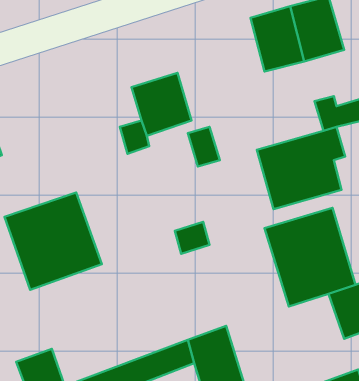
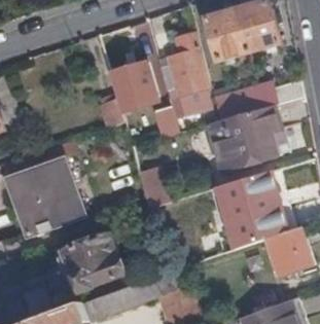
building: none -> [161,33,210,96]
building: none -> [212,84,262,120]
building: none -> [59,233,123,292]

